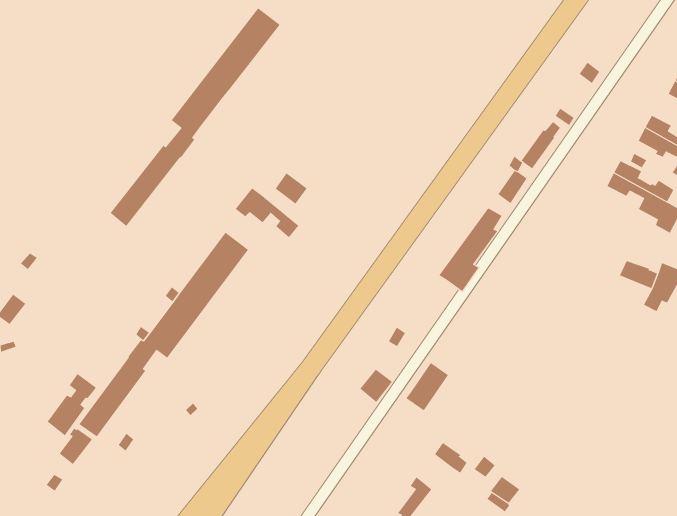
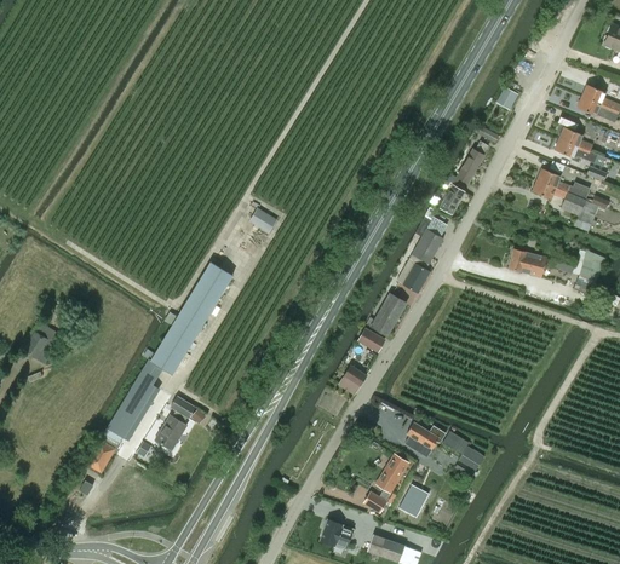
building: [110,7,280,227] -> none
building: [235,188,299,238] -> none
building: none -> [509,249,546,277]
building: [406,362,449,411] -> [371,293,406,335]
building: [47,373,97,436] -> [155,396,195,450]

